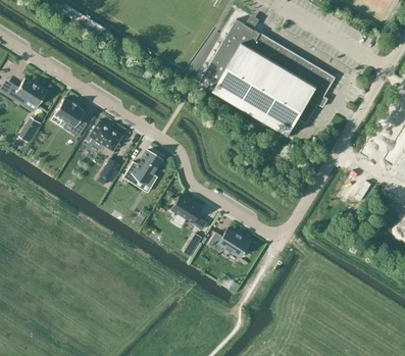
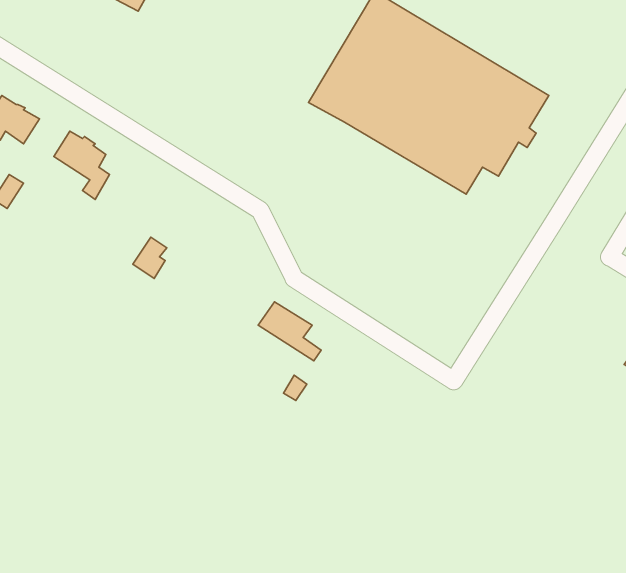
building: [89,120,121,151] -> none
building: [122,151,161,186] -> none
building: [207,228,249,255] -> none

